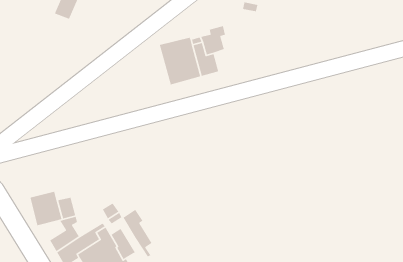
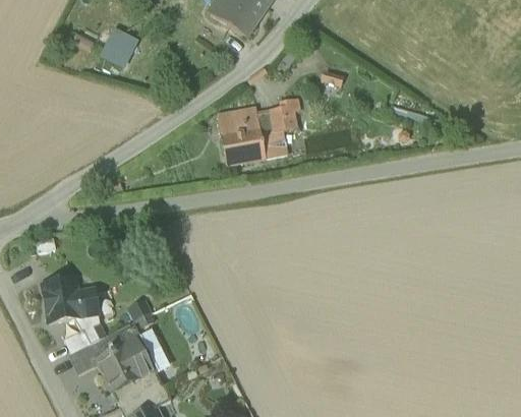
building: [123,209,152,257] -> none

